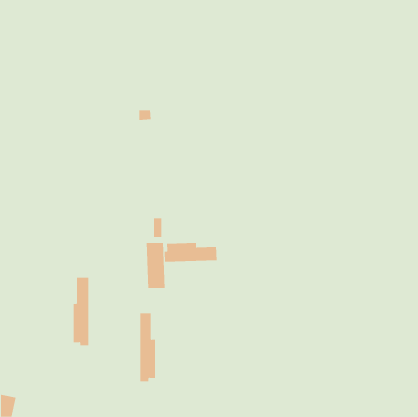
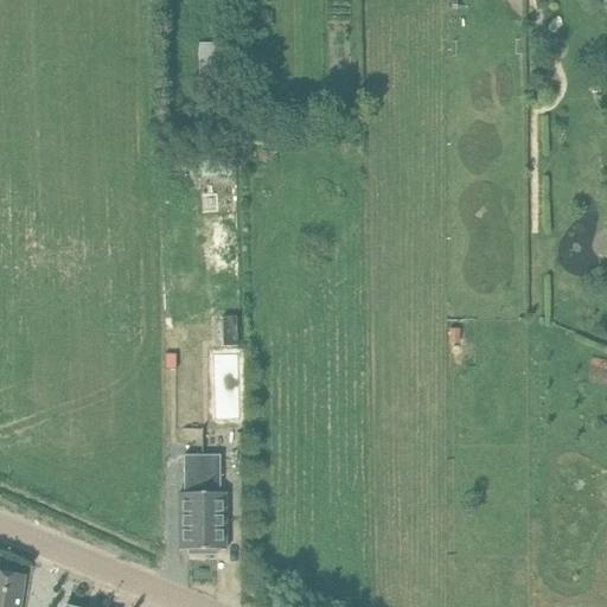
building: [164,242,217,263] -> none
building: [73,277,89,346] -> [179,453,203,552]

